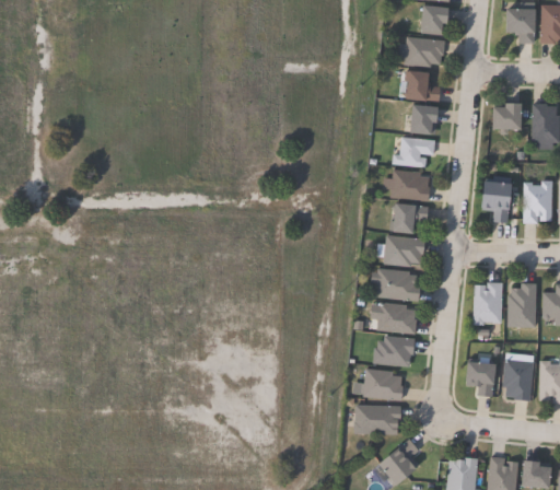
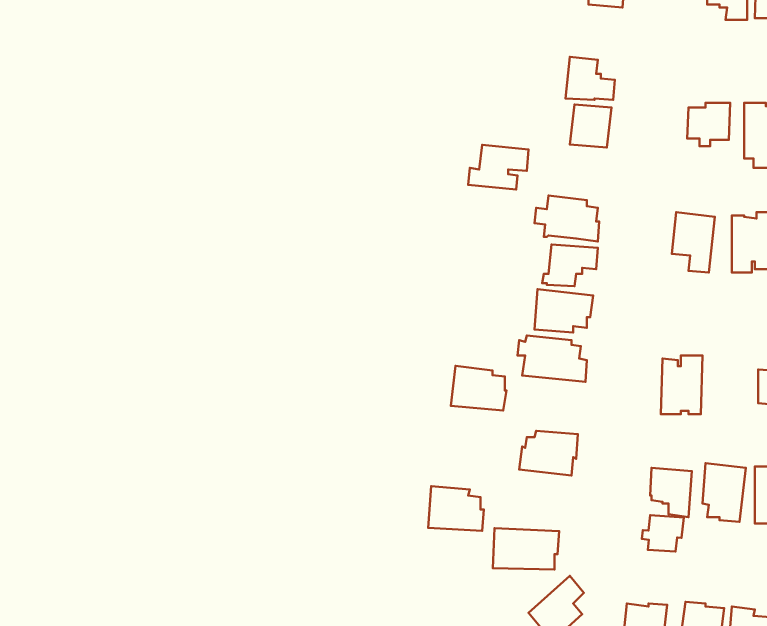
building: [398,36,446,68] -> none
building: [393,137,435,168] -> [468,145,528,189]
building: [508,283,537,327] -> none
building: [377,302,417,334] -> [451,366,506,411]
building: [364,369,404,400] -> [428,486,484,531]
building: none -> [642,515,684,552]

